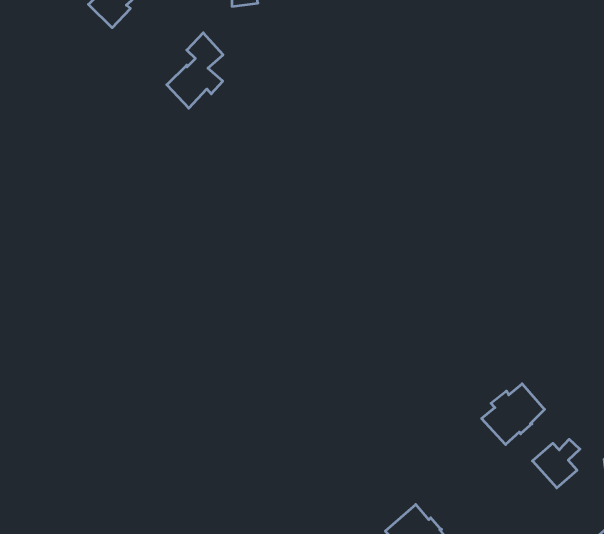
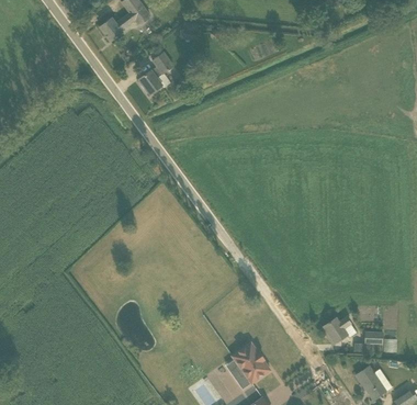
building: [482,384,545,445] -> none

